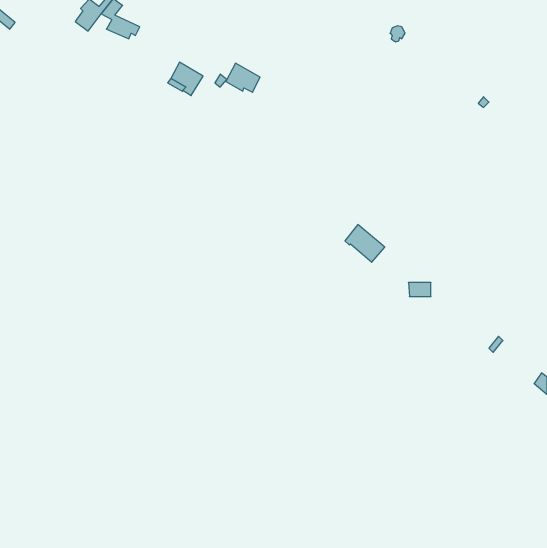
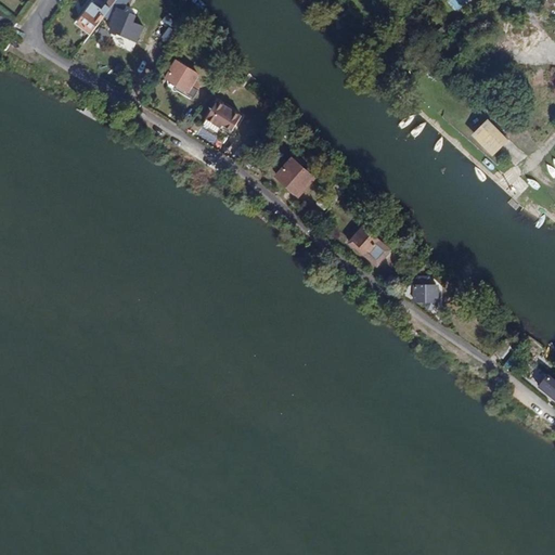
building: [226,63,260,92] -> [201,99,235,128]
building: none -> [474,119,506,152]
building: none -> [275,159,311,194]

